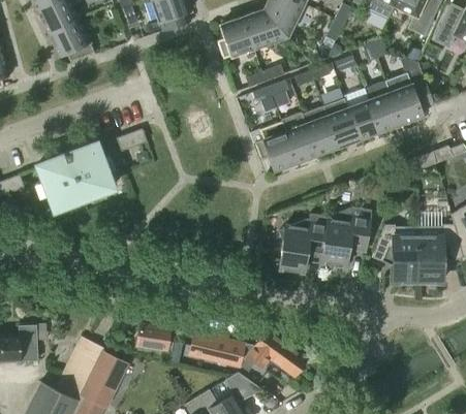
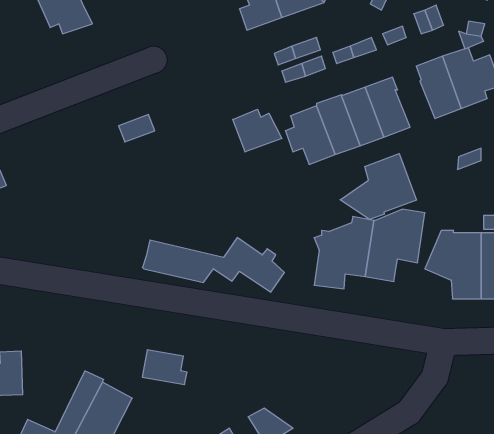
building: [347,101,380,139] -> none
building: none -> [233,109,282,152]
building: [36,142,115,211] -> none
building: none -> [340,154,417,220]
building: [189,330,307,376] -> [142,238,284,292]

